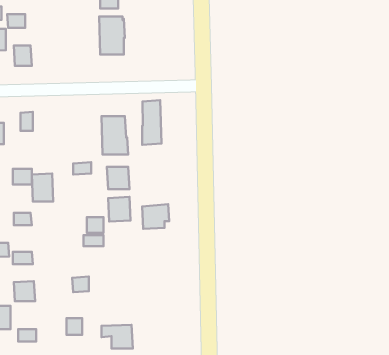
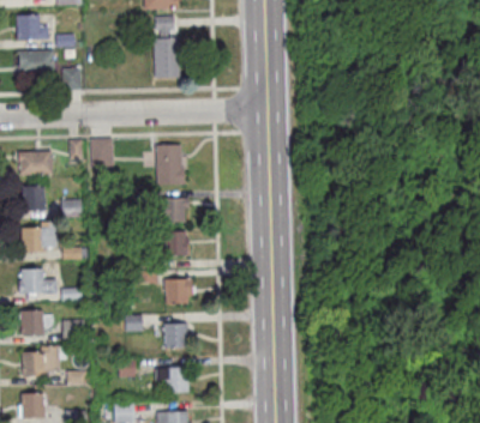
building: [142,100,162,145] -> none
building: [32,173,53,201] -> [90,138,113,168]
building: [142,204,169,229] -> [163,277,192,303]
building: none -> [162,322,187,349]

